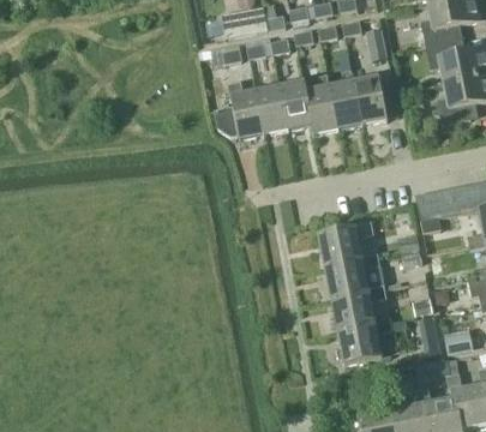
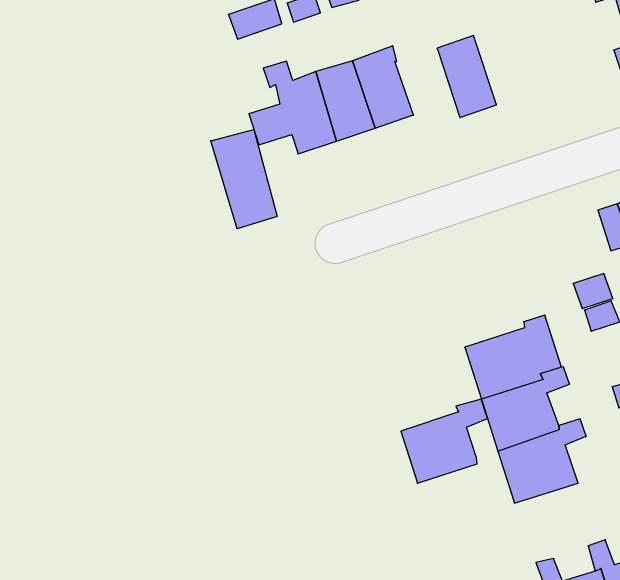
building: [355,74,386,122] -> none
building: [306,84,341,132] -> none
building: none -> [211,130,277,229]
building: [320,220,373,265] -> [401,399,487,483]

